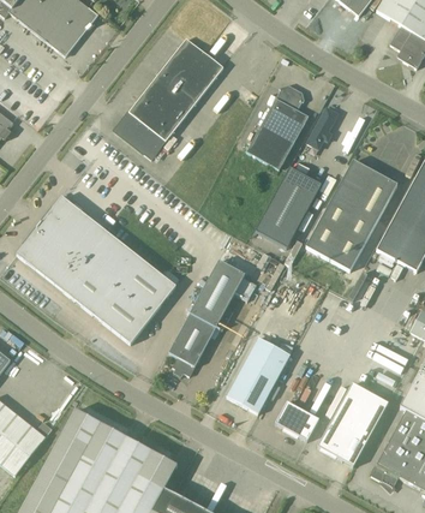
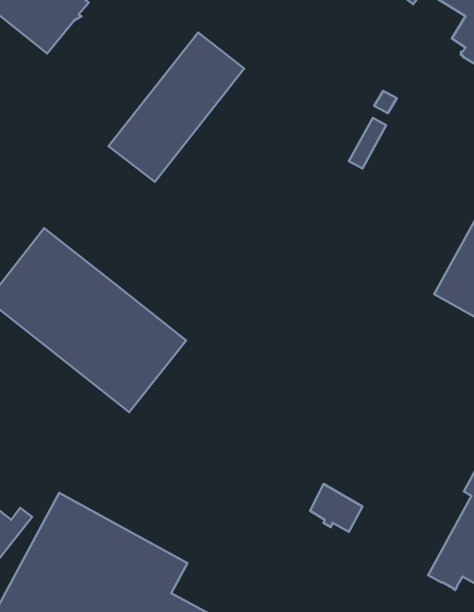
building: [246,85,309,169] -> none
building: [306,160,397,270] -> none
building: [255,167,321,247] -> none
building: [169,260,245,376] -> none
building: [227,338,291,413] -> none
building: [317,382,388,465] -> none

